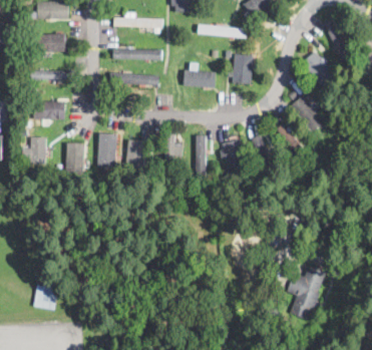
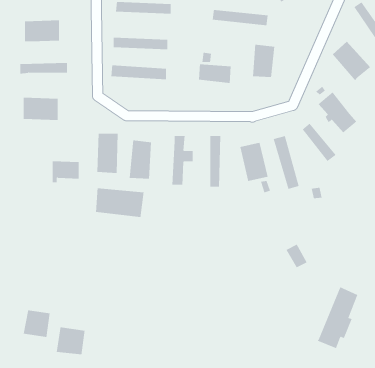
building: [30,137,46,163] -> none
building: none -> [96,188,144,218]
building: none -> [56,326,85,355]

